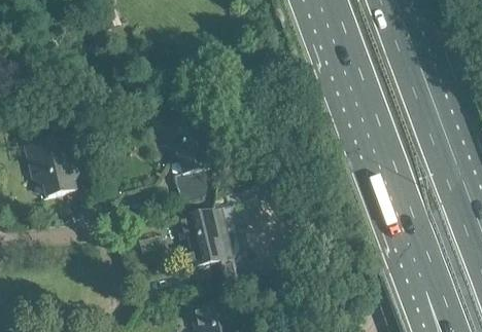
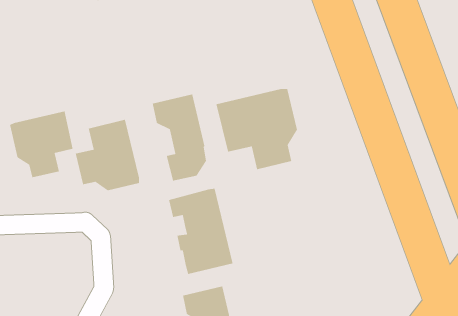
building: none -> [216,88,298,170]
building: none -> [75,119,140,191]

